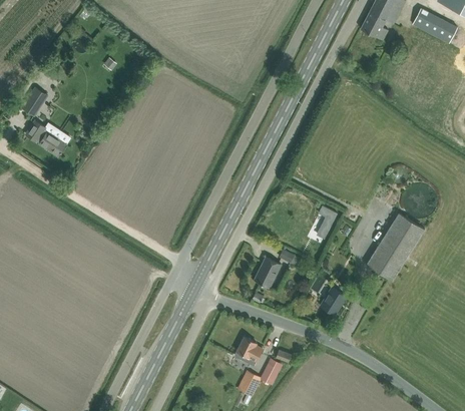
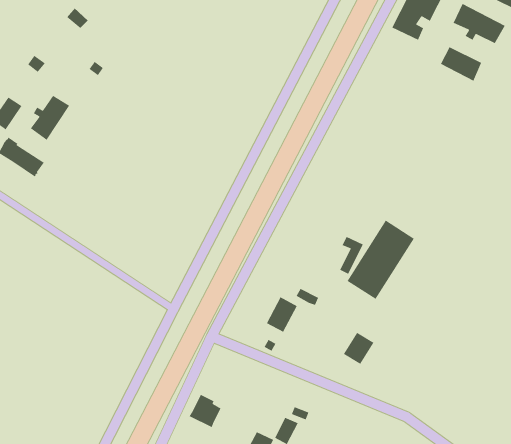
building: none -> [440,46,482,82]
building: none -> [30,95,70,141]
building: [367,213,425,281] -> [346,220,415,300]
building: [235,337,263,366] -> [189,394,222,428]

